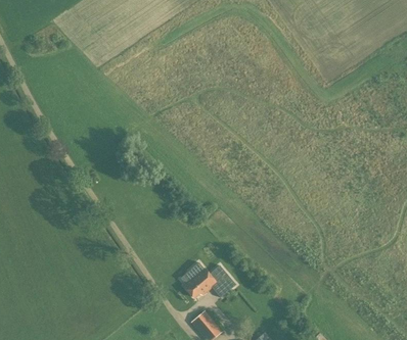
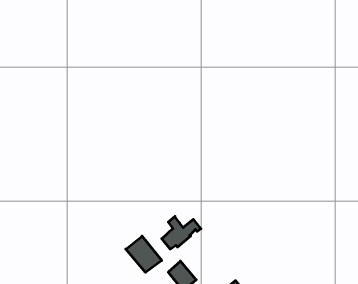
building: none -> [126,236,162,272]

